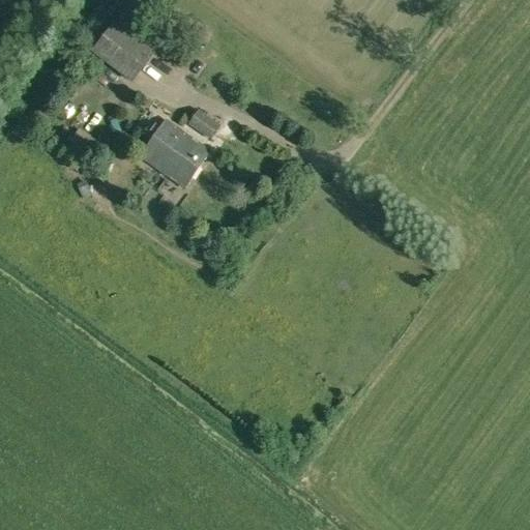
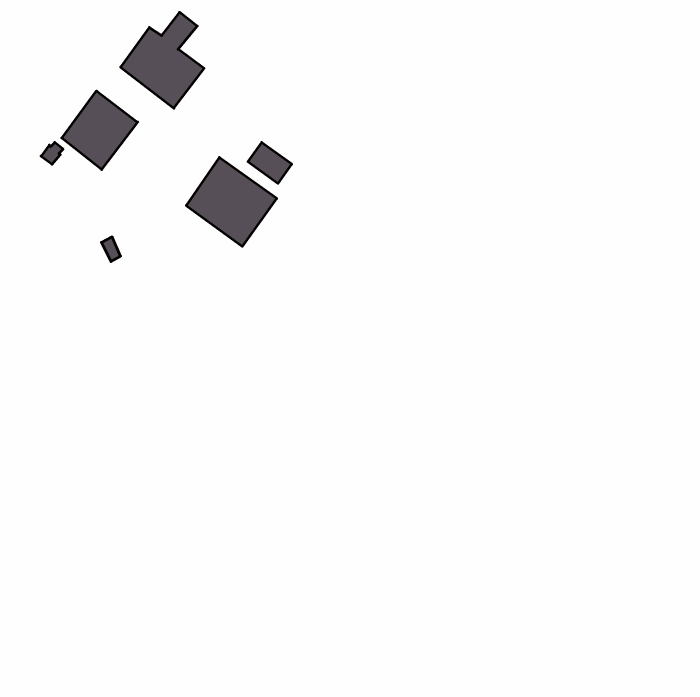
building: none -> [62,91,138,170]

